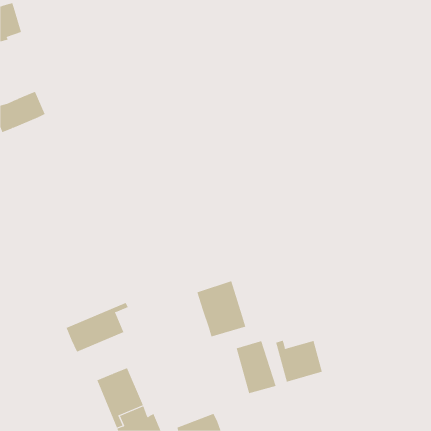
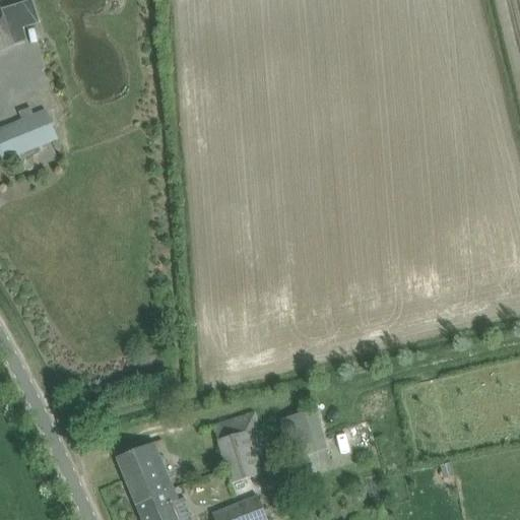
building: [196,280,246,337] -> [212,412,272,480]
building: [66,302,128,352] -> none
building: [275,340,323,382] -> none

